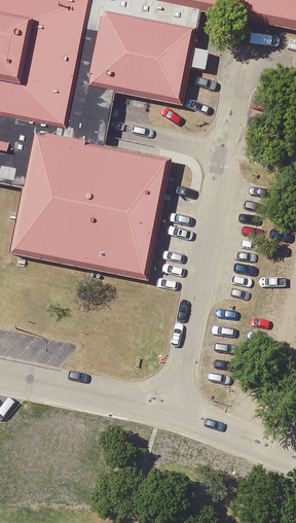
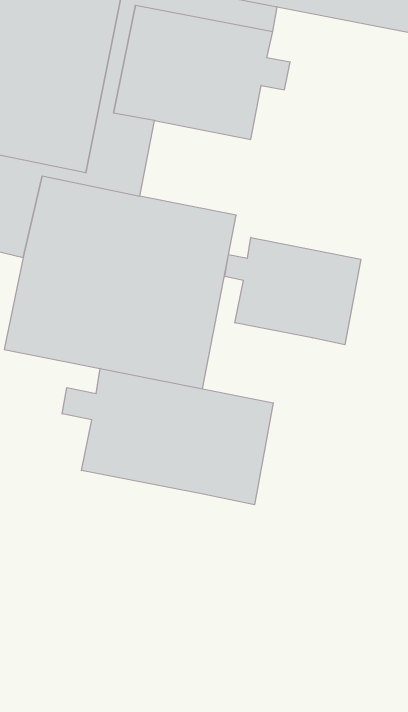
building: none -> [225,237,361,345]
building: none -> [62,368,273,505]

